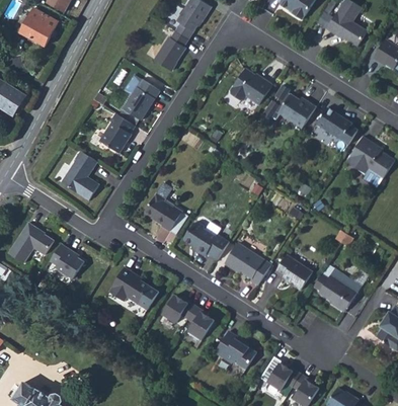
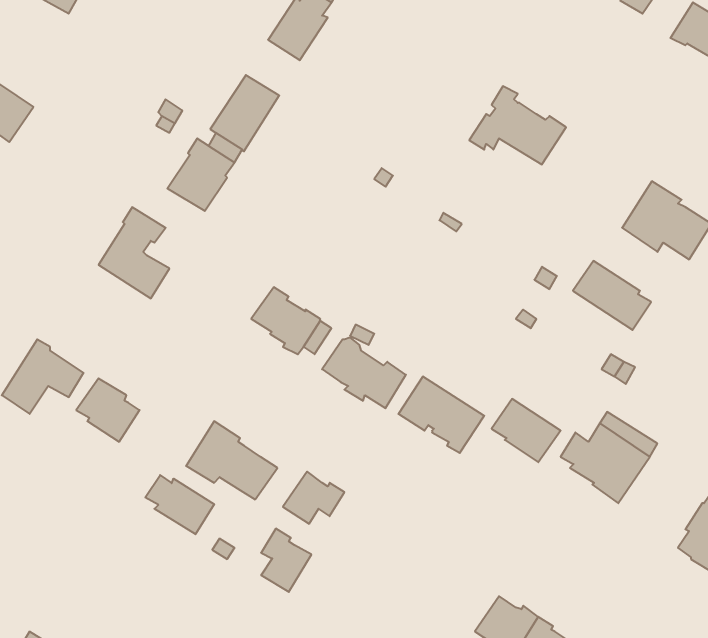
building: [230,68,271,105] -> none
building: [315,107,357,145] -> [573,261,651,330]
building: none -> [145,475,214,534]
building: [186,306,214,340] -> [261,529,311,592]
building: [214,331,256,370] -> none

